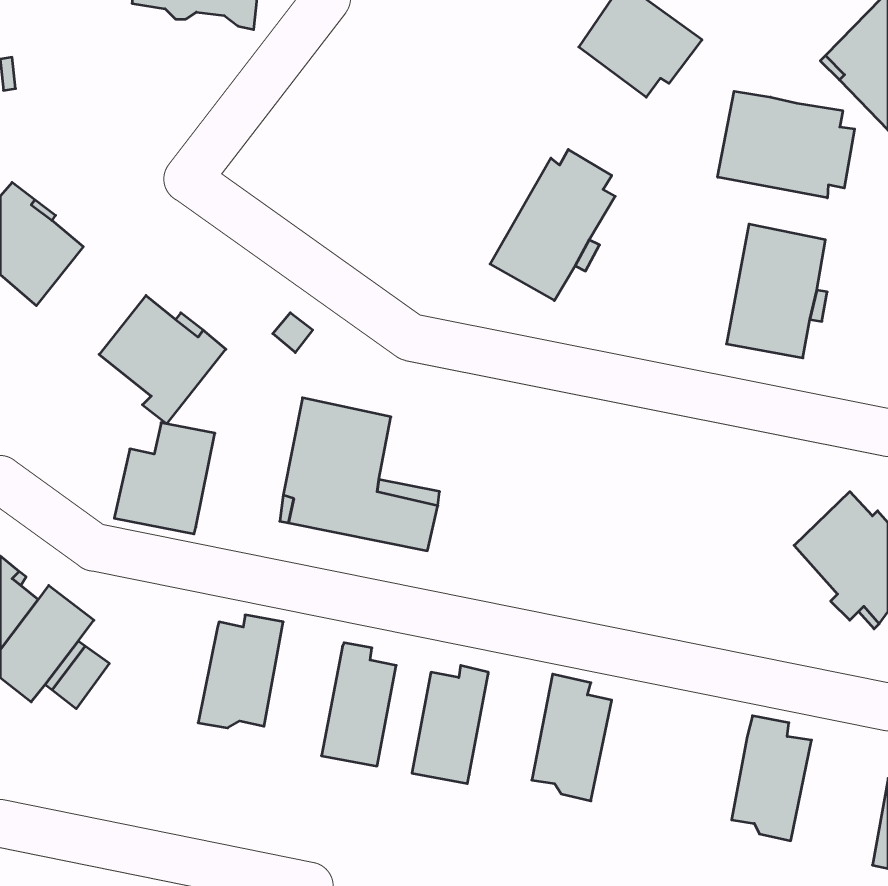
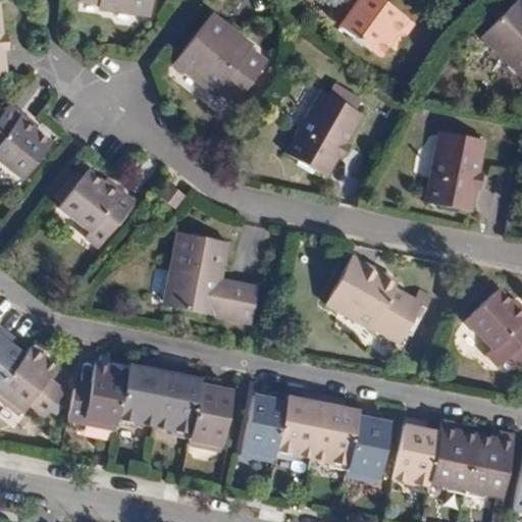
building: none -> [173,16,265,104]
building: [718,91,855,198] -> none
building: [114,423,215,534] -> [68,363,127,428]
building: none -> [325,258,430,342]
building: none -> [155,365,201,438]
building: none -> [275,392,324,459]
building: none -> [346,409,390,481]
building: none -> [393,418,438,490]
building: none -> [464,430,513,497]

